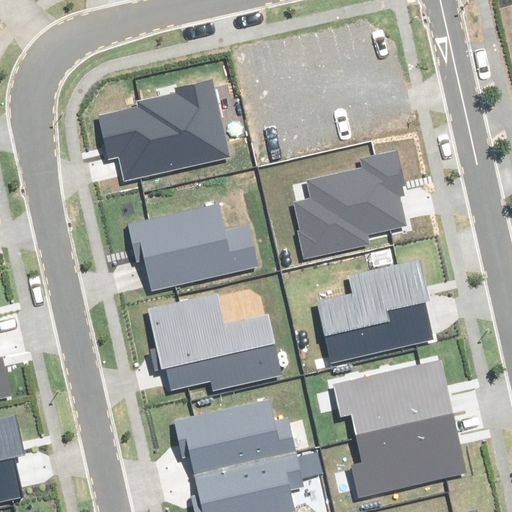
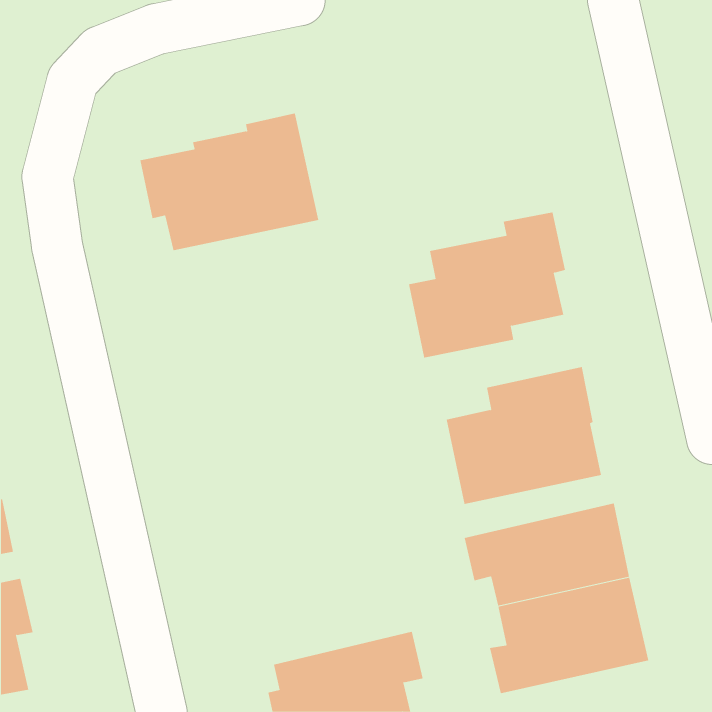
building: [129,205,258,289] -> none
building: [150,294,280,391] -> none
building: [176,400,296,477] -> none

